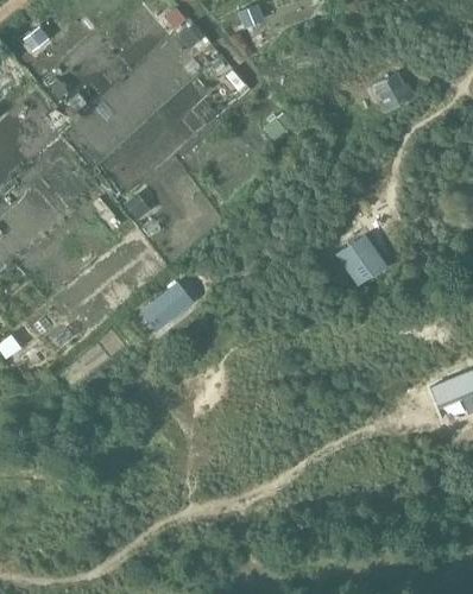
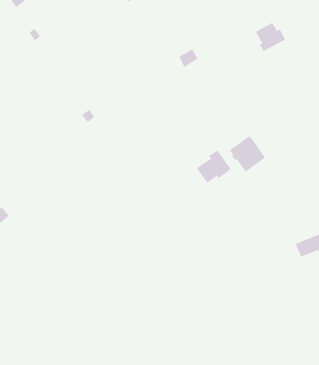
building: none -> [196,150,231,183]
building: [144,283,193,329] -> none

